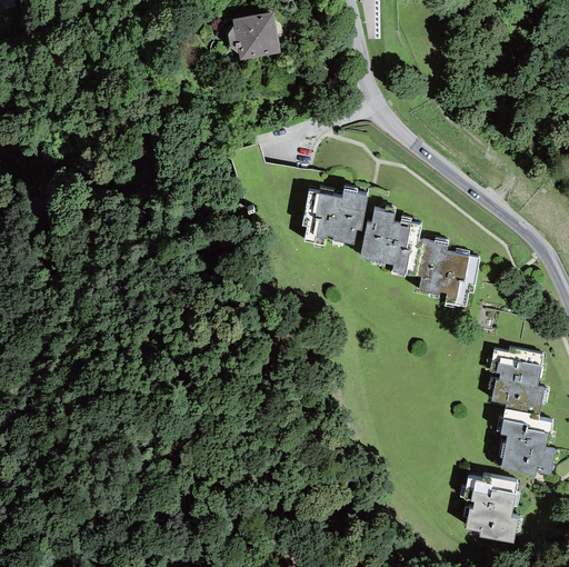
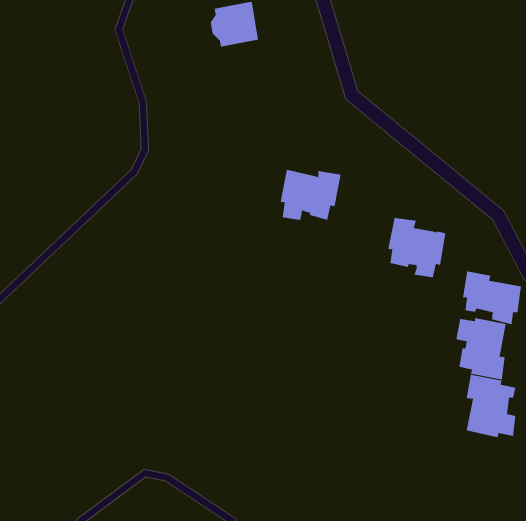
building: [360,206,423,273] -> none
building: none -> [462,270,521,325]
building: [463,475,518,541] -> none

